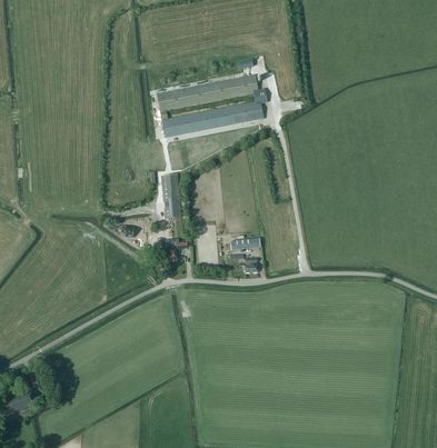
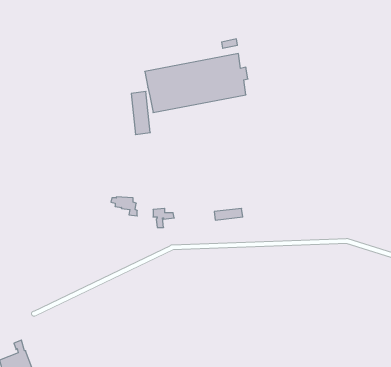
building: [160,172,180,218] -> [131,91,150,135]

